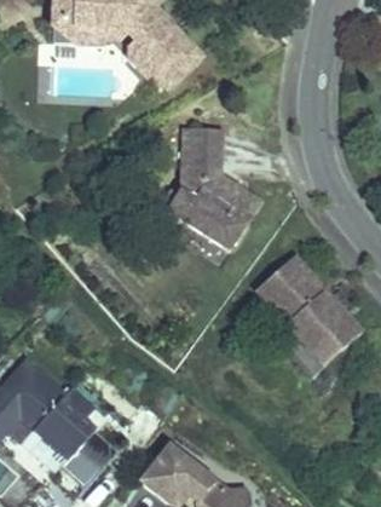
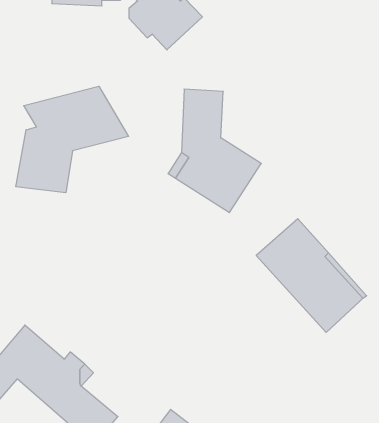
building: none -> [16,86,129,193]

